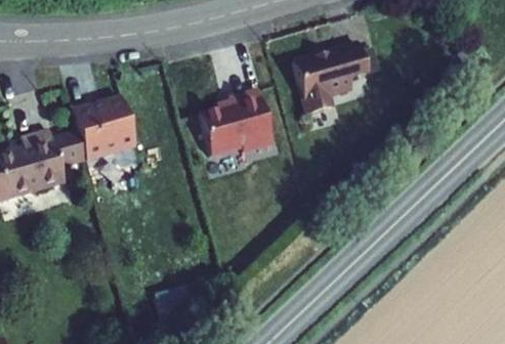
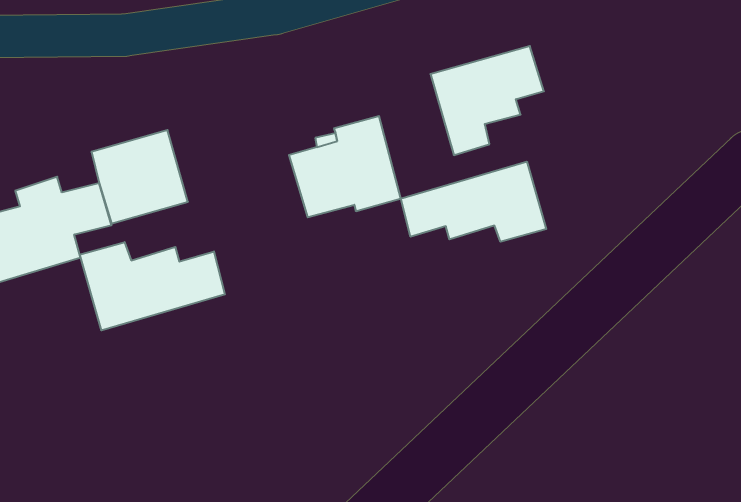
building: none -> [401,162,546,242]
building: none -> [80,242,225,330]

